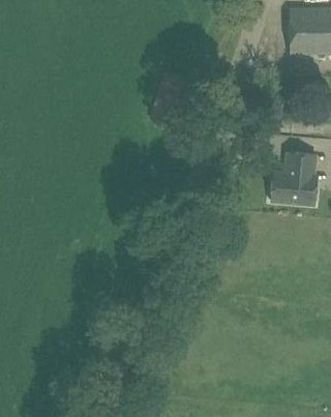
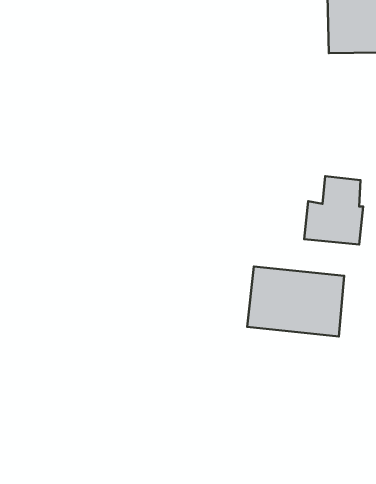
building: none -> [247,267,344,336]

